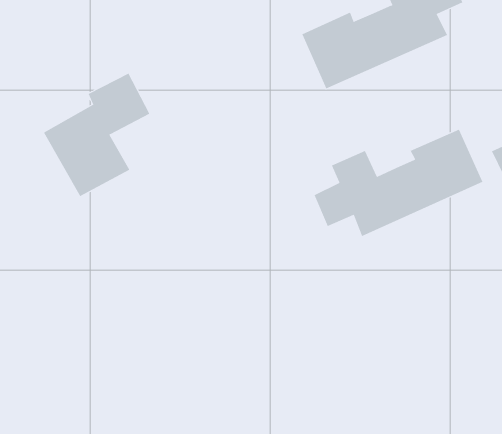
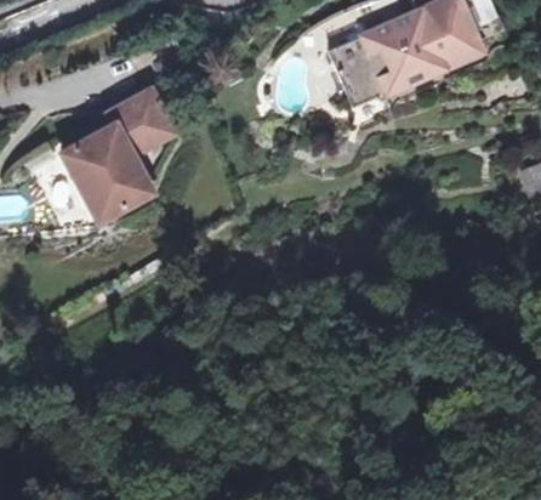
building: [314,129,483,237] -> none

